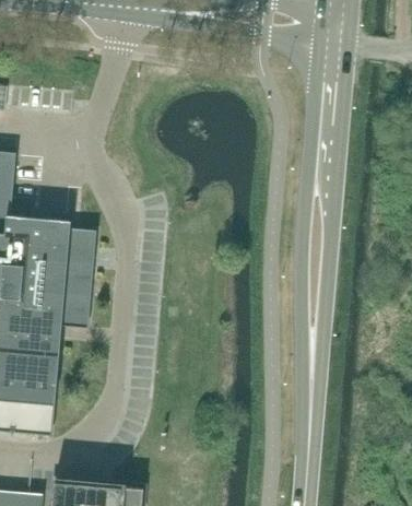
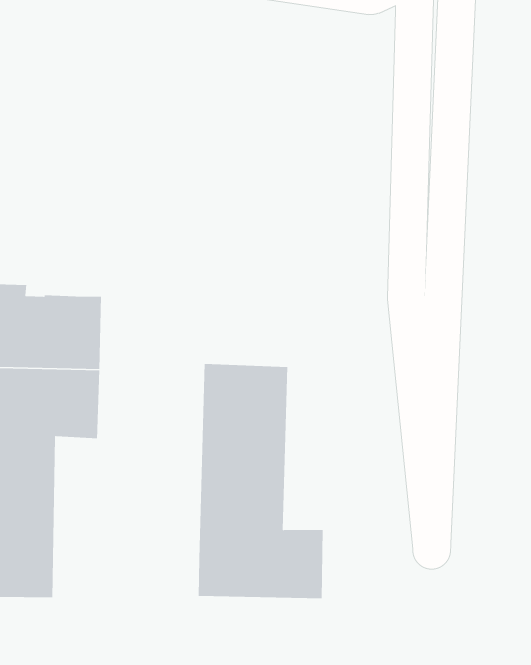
building: none -> [198,363,324,599]

